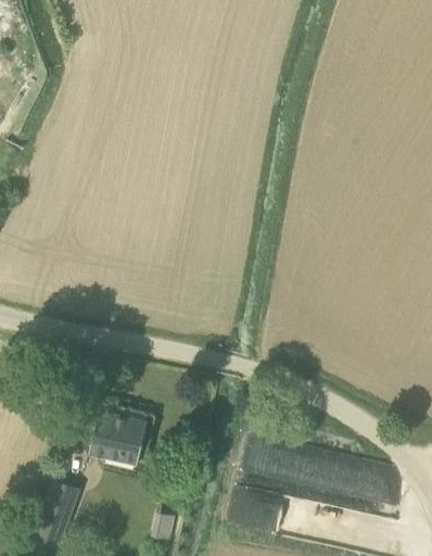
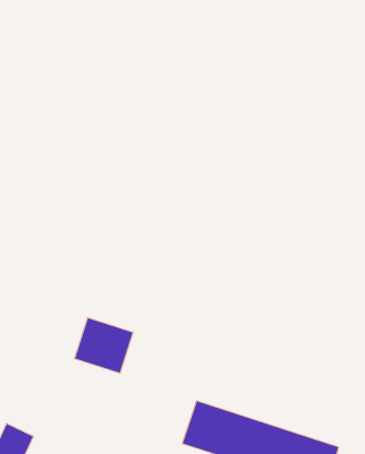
building: [89,409,148,464] -> [74,318,133,373]

